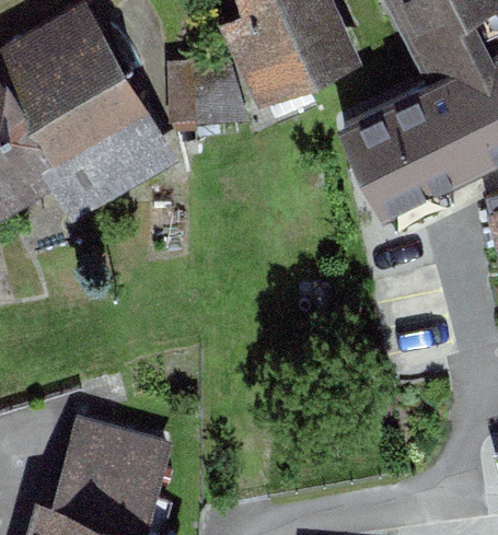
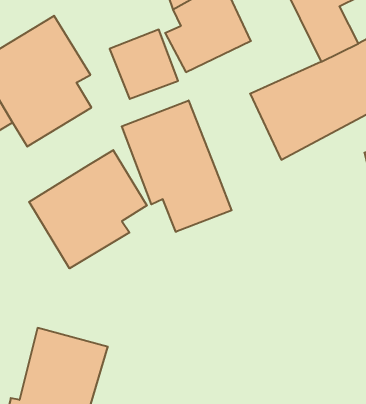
building: none -> [122,100,232,232]
building: none -> [29,150,147,268]

